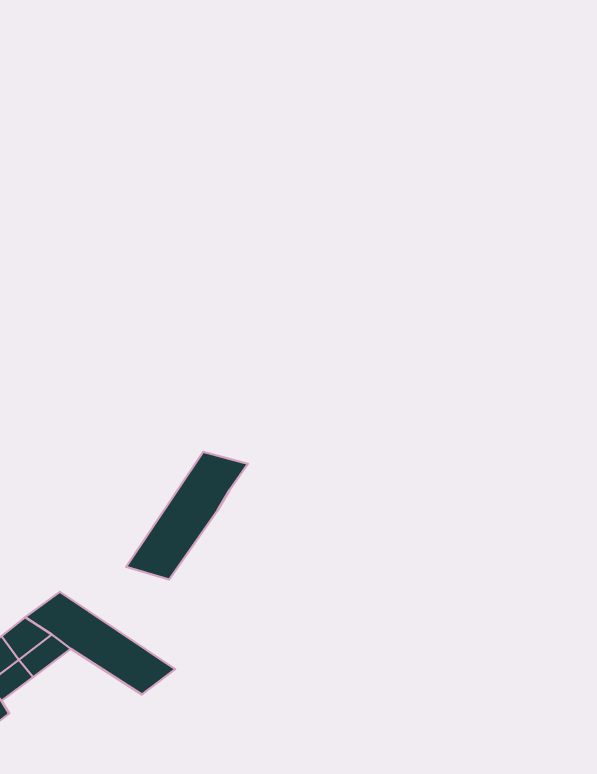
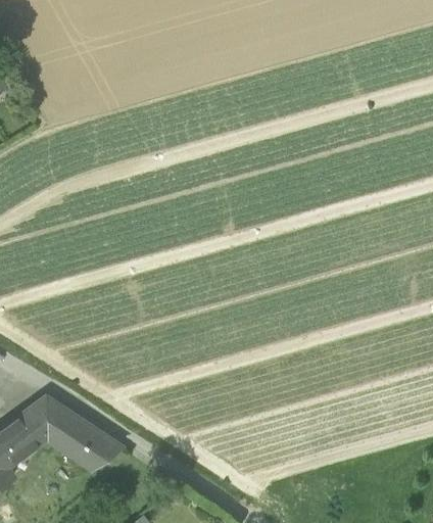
building: [126,452,248,579] -> none

